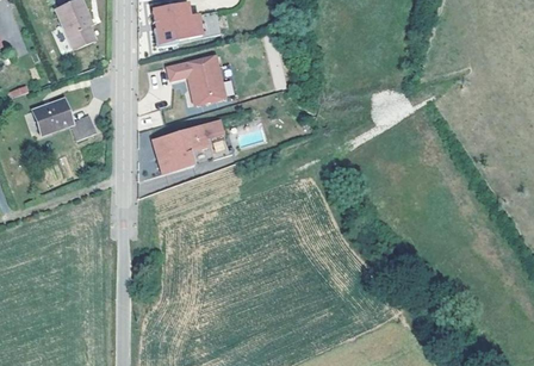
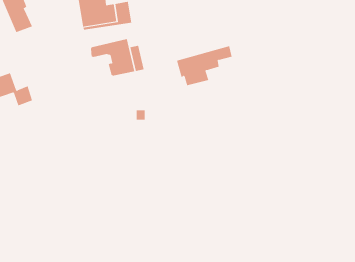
building: [150,120,222,172] -> [176,45,233,86]

